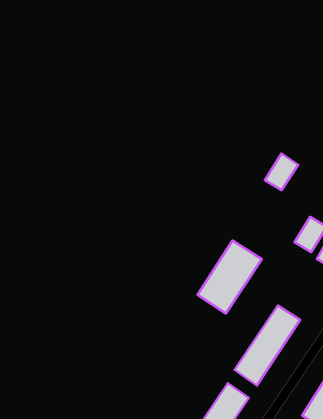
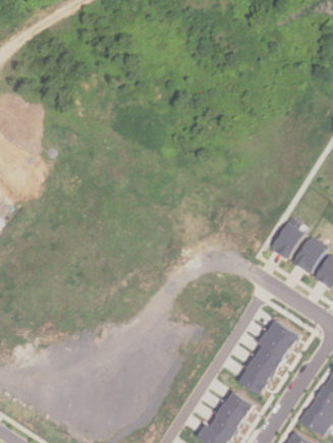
building: [265,154,298,190] -> [271,223,301,257]
building: [197,240,262,314] -> none

